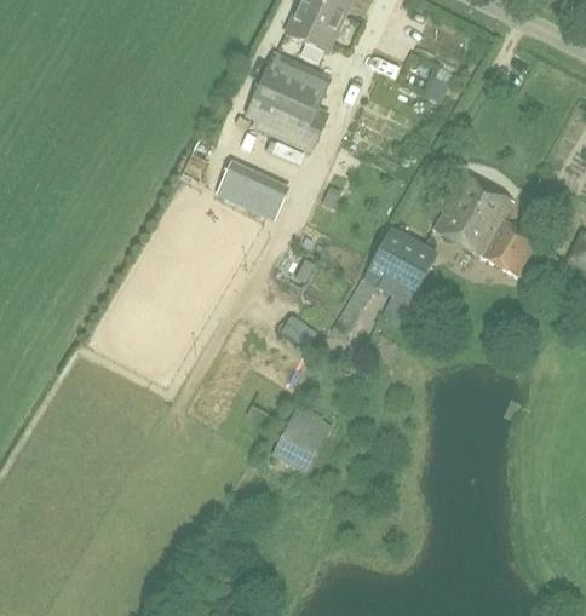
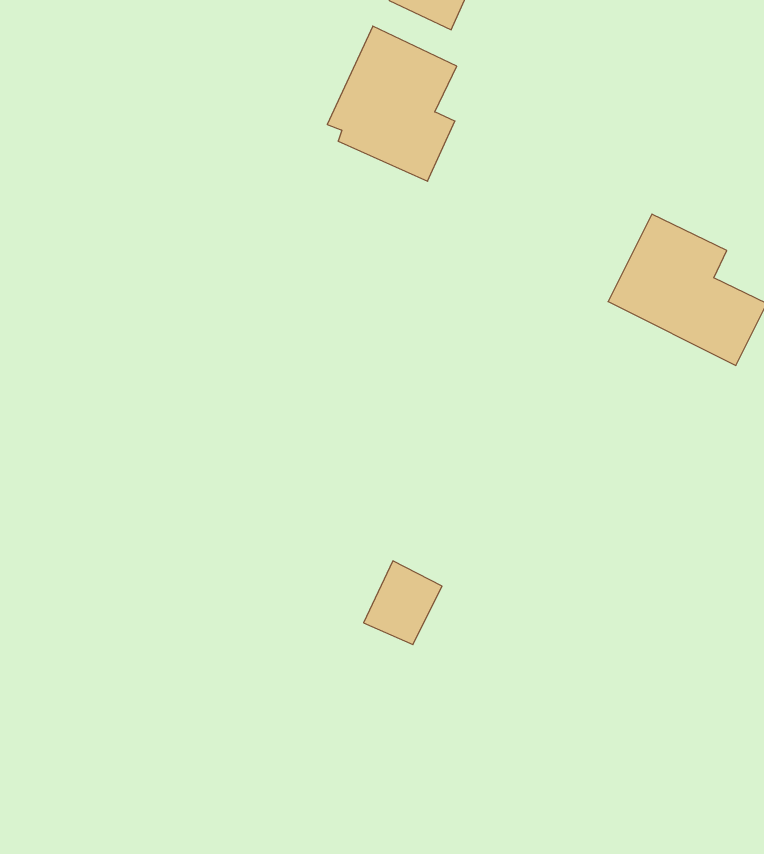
building: [217,160,289,219] -> none
building: [362,225,437,329] -> none

